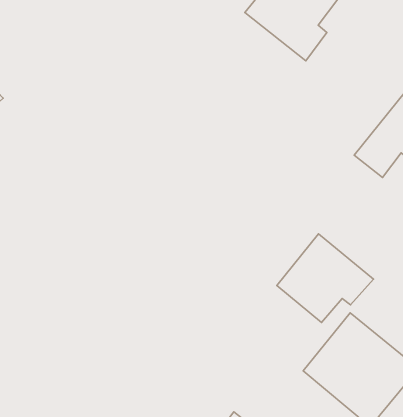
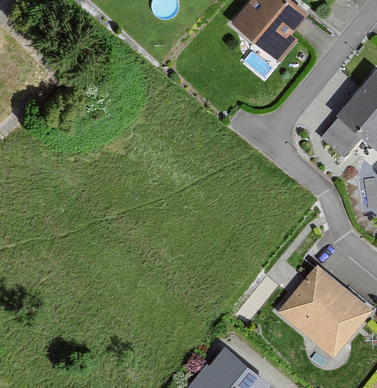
building: [277,234,373,322] -> none

